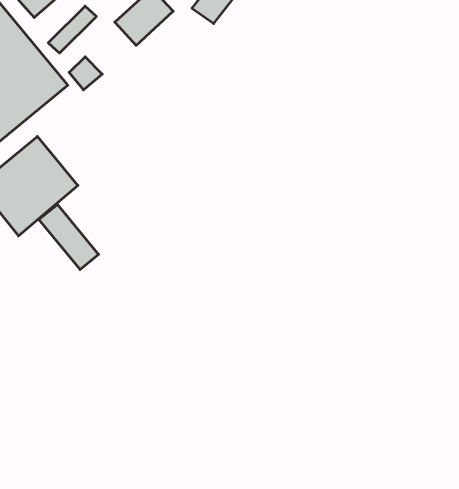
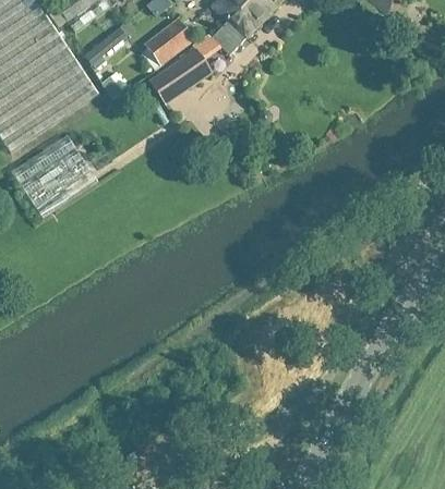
building: none -> [147,46,212,103]
building: [39,204,99,270] -> none

